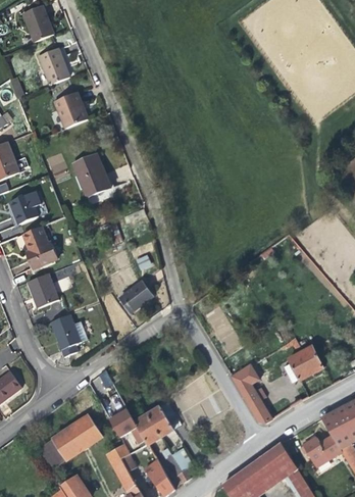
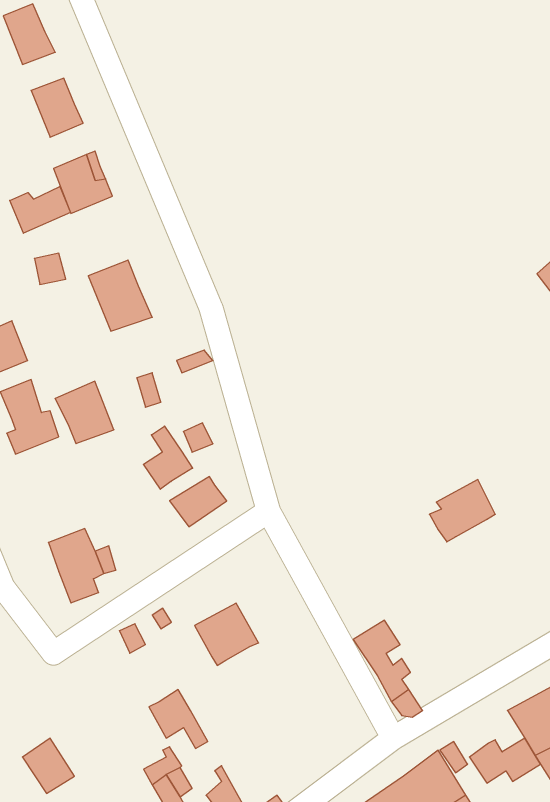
building: none -> [10,186,71,233]
building: none -> [143,426,193,489]
building: [28,270,62,307] -> [55,381,114,444]
building: [284,348,322,385] -> [429,480,495,542]
building: [135,407,172,444] -> [195,603,259,665]
building: [52,413,103,459] -> none

